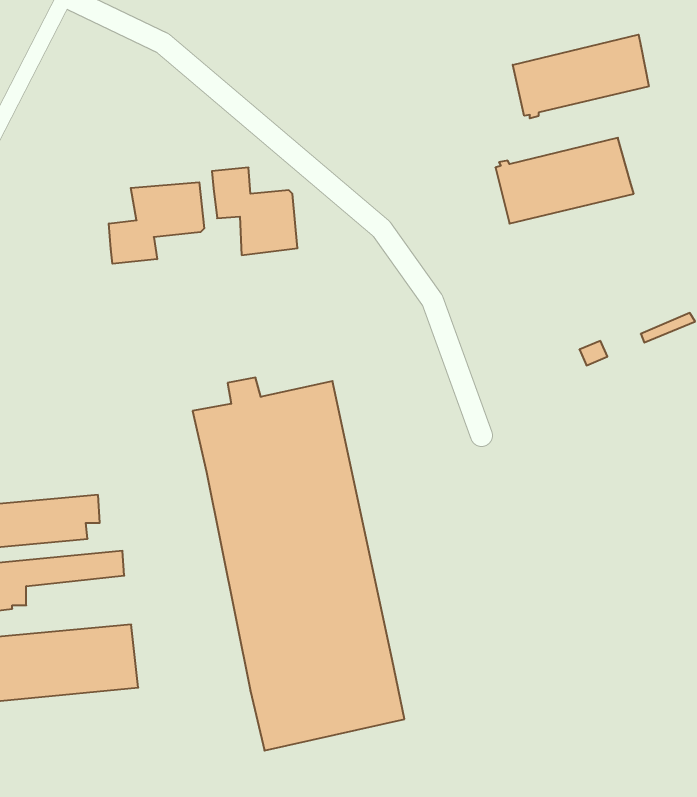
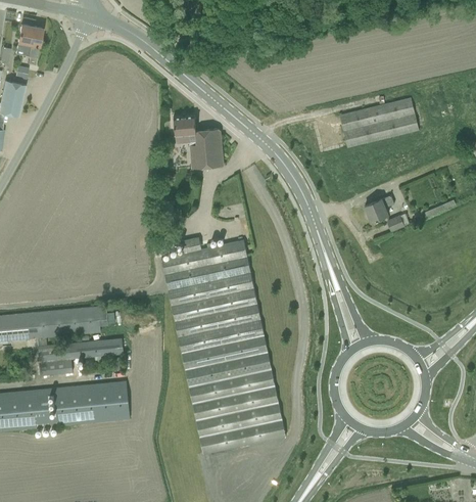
building: [513,35,649,118] -> none
building: [109,182,204,264] -> none
building: none -> [364,195,394,222]

